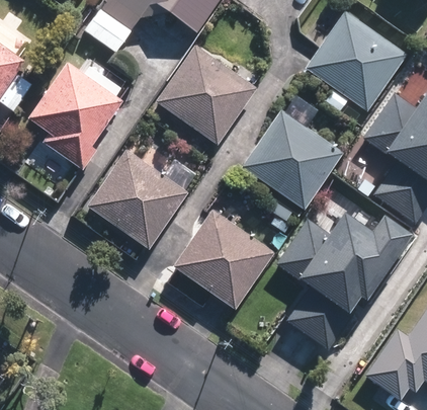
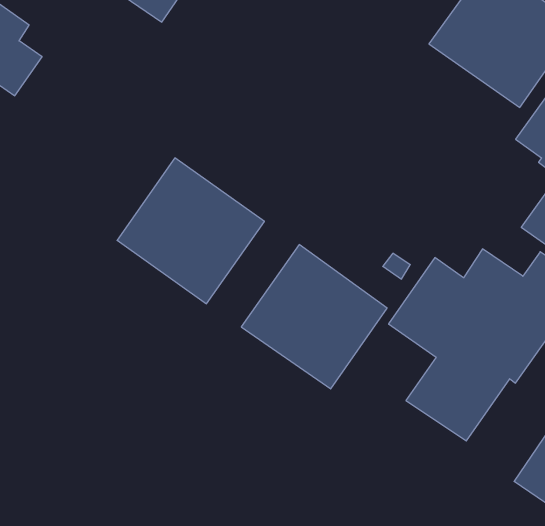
building: [155,44,258,146] -> none
building: [26,56,122,164] -> none
building: [241,108,344,210] -> none

